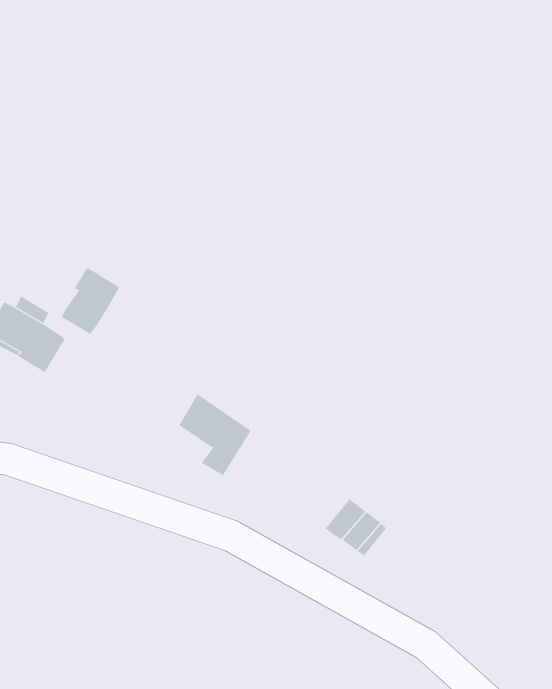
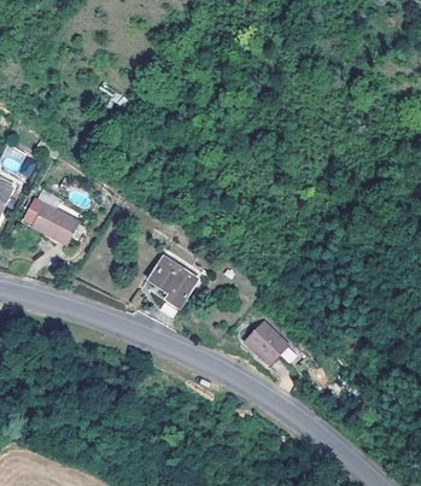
building: [61,267,120,335] -> none

